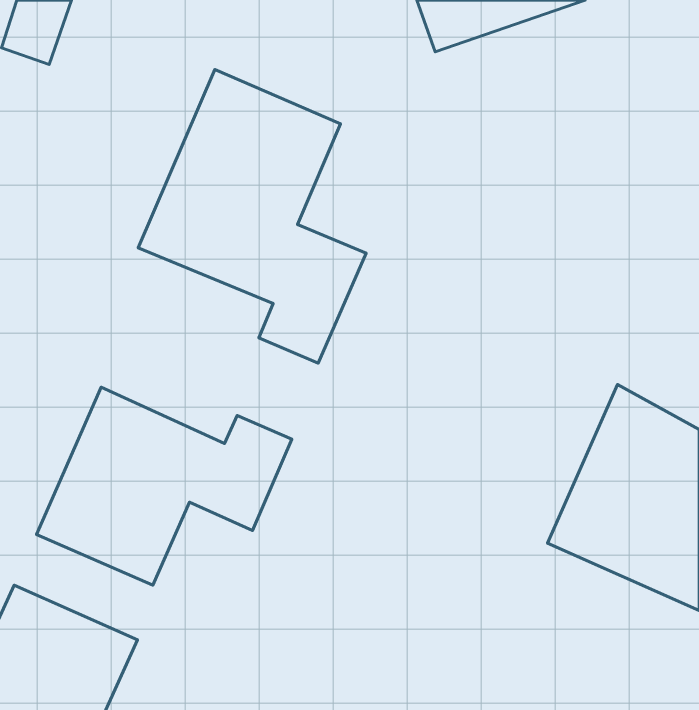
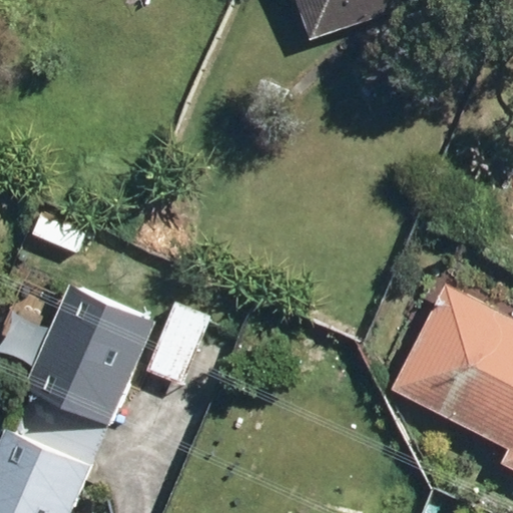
building: [138,69,366,363] -> none

